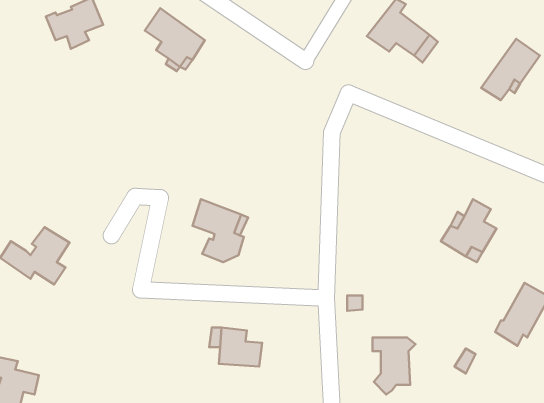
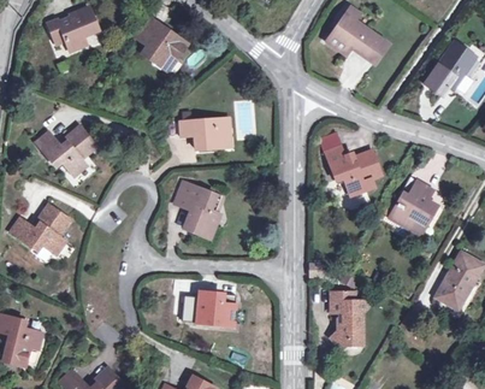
building: none -> [182,117,231,149]
building: none -> [36,126,96,176]
building: none -> [320,135,383,195]

